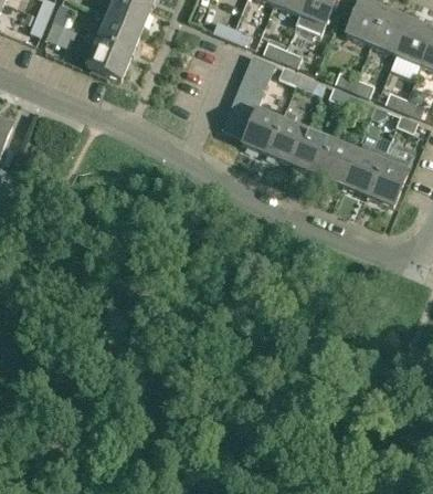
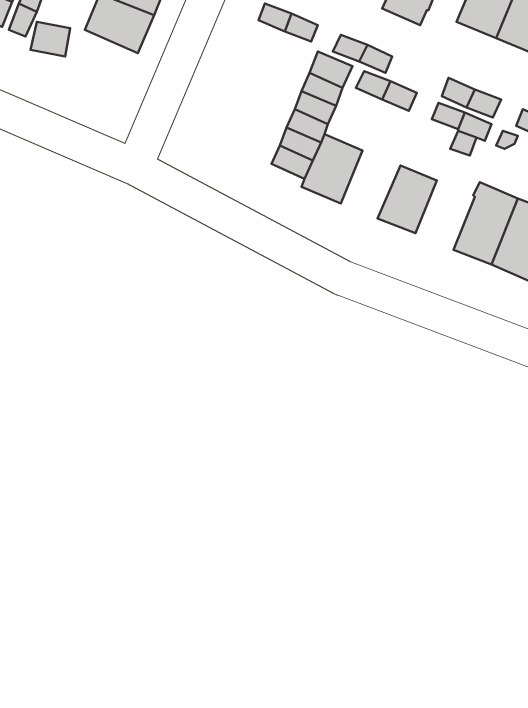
building: [87,38,133,78] -> none
building: [268,108,308,164] -> none
building: [318,138,358,185] -> none

